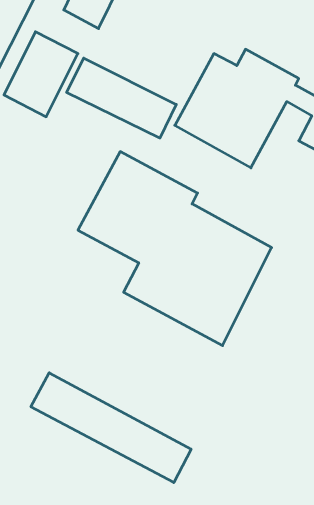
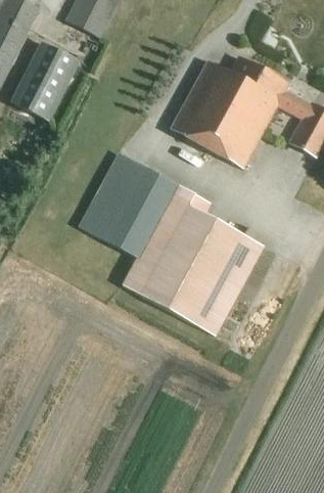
building: [67,58,176,138] -> none
building: [31,373,191,483] -> none

